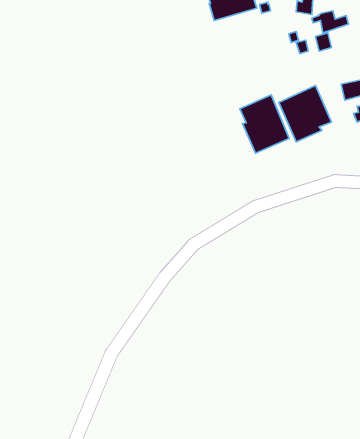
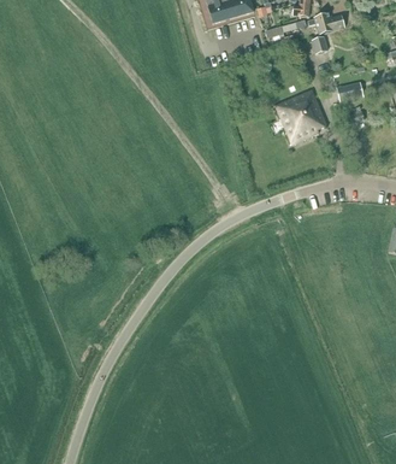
building: [240,95,289,153] -> none

